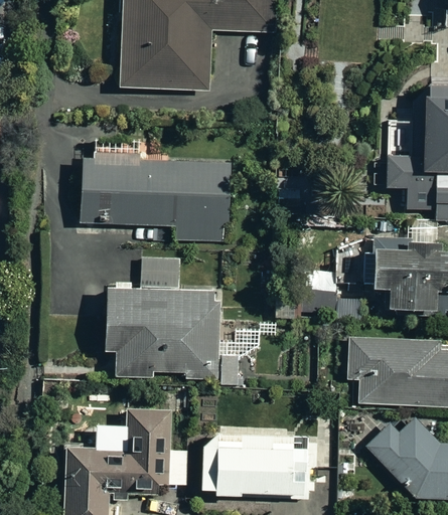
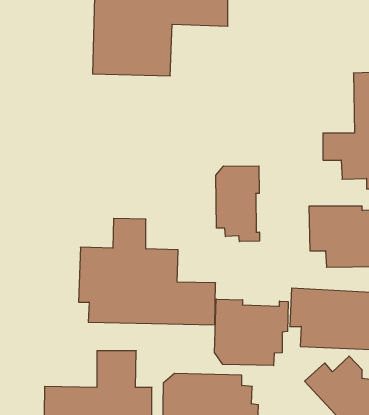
building: [81,161,229,239] -> none
building: none -> [216,166,259,242]
building: none -> [215,299,288,366]

